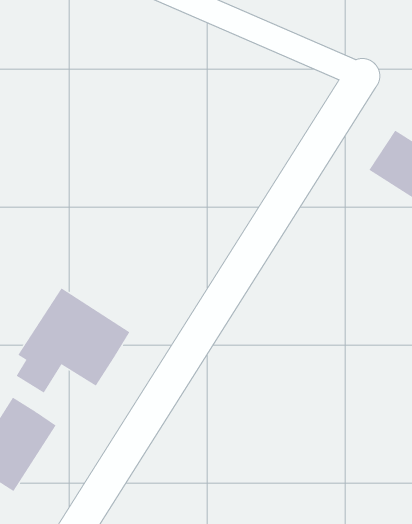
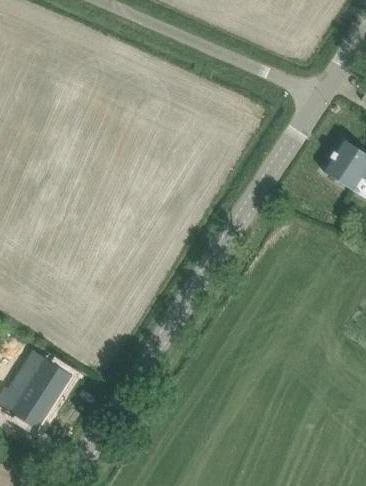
building: [16,288,130,393] -> none

